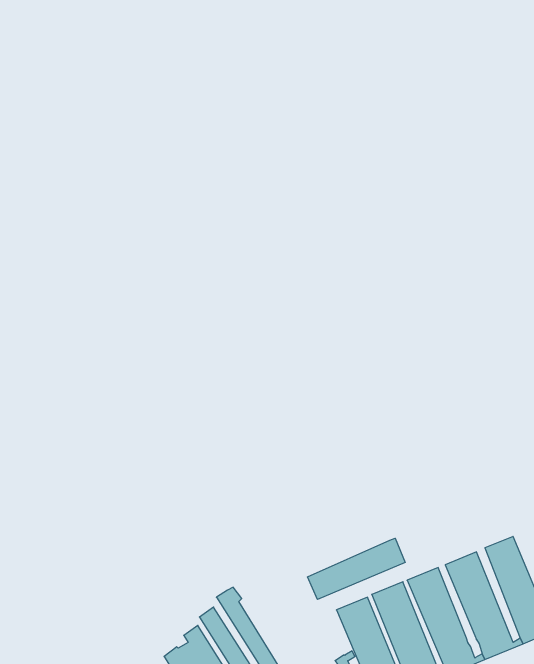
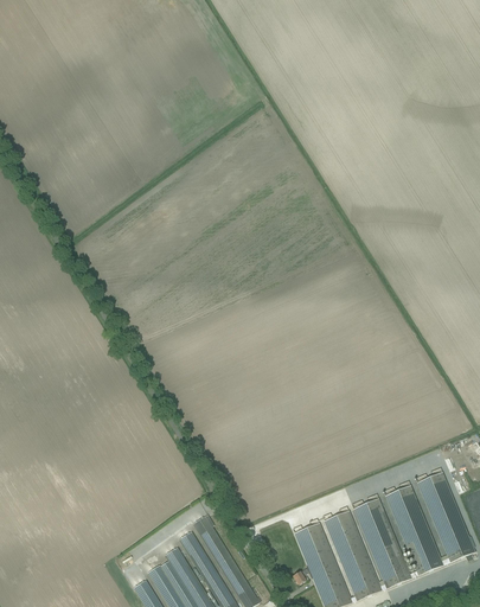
building: [308,538,405,599] -> none

